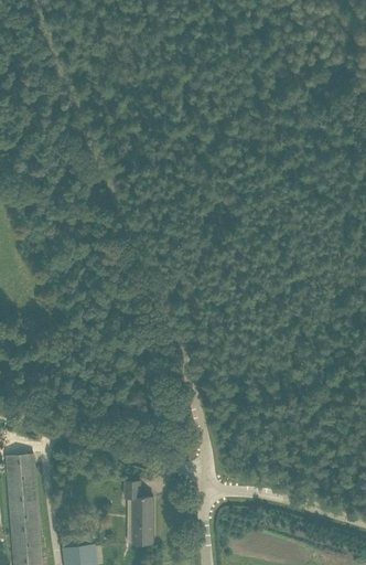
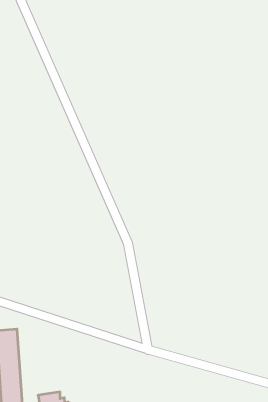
building: [125,483,154,546] -> none

